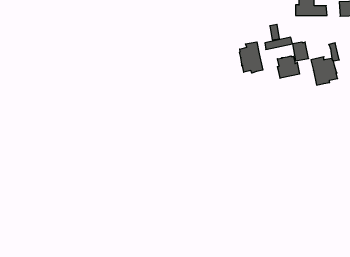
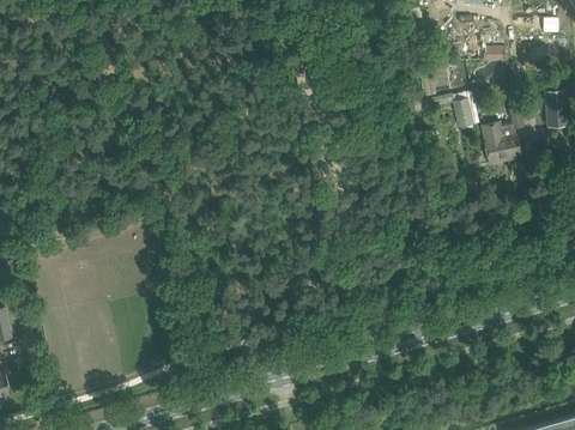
building: [239,42,263,73] -> none
building: [277,56,299,78] -> none

